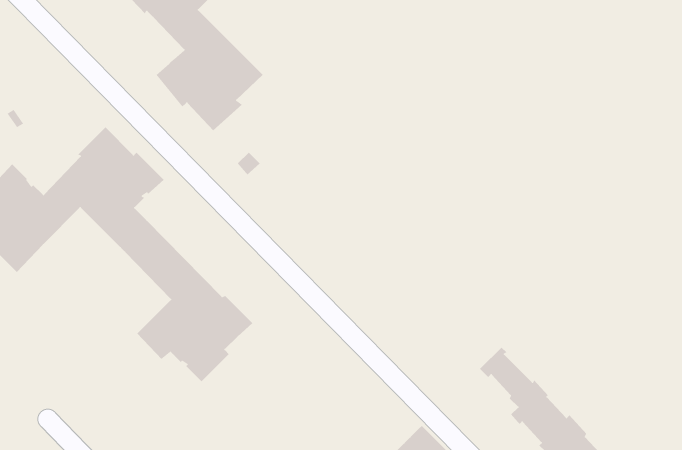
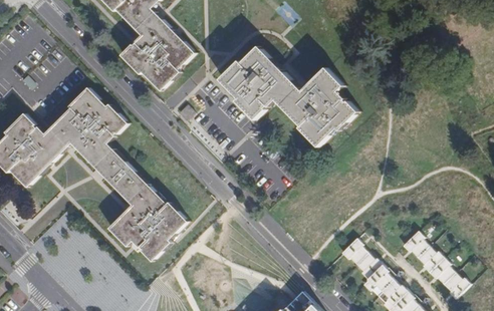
building: none -> [220,45,357,146]
building: none -> [402,230,469,298]

